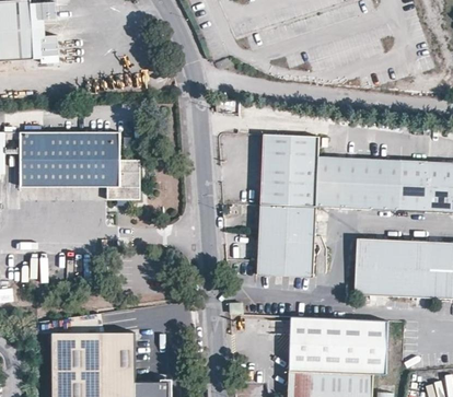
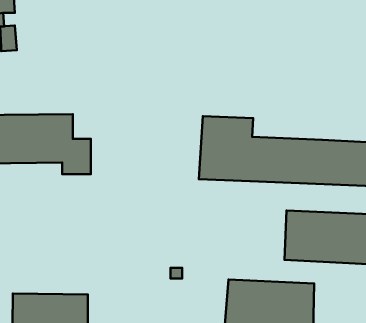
building: [256,203,316,276] -> none

